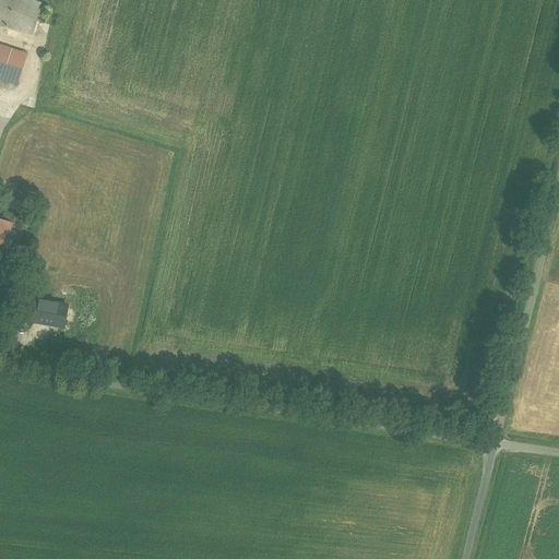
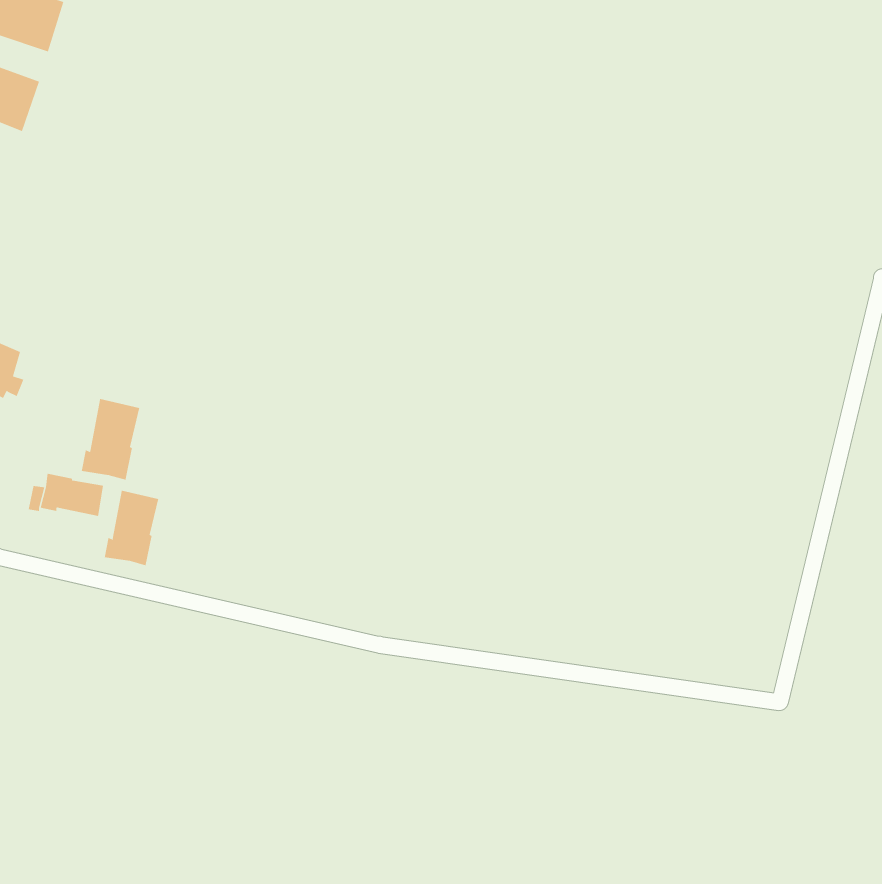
building: none -> [81,398,140,481]
building: none -> [104,490,159,566]

